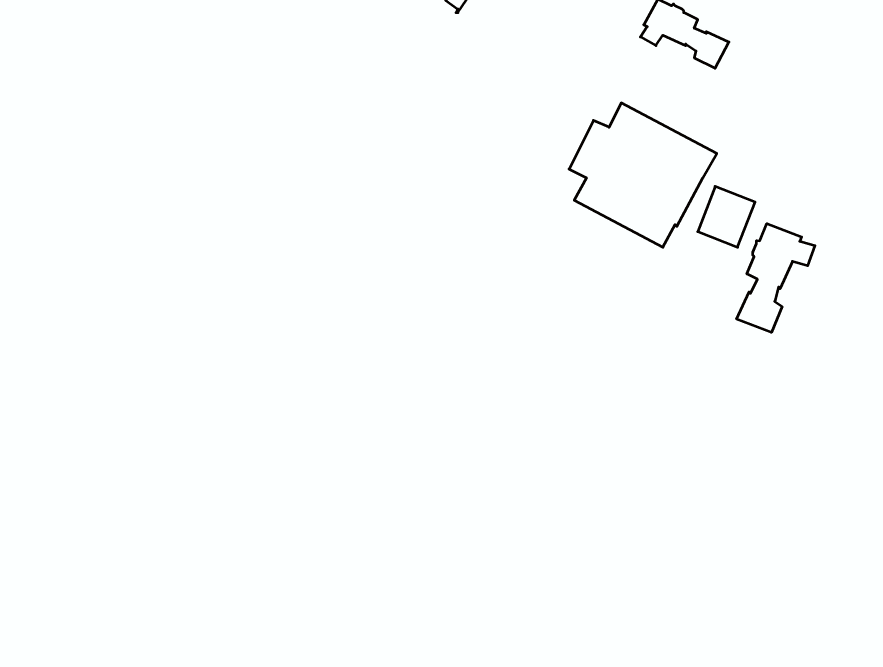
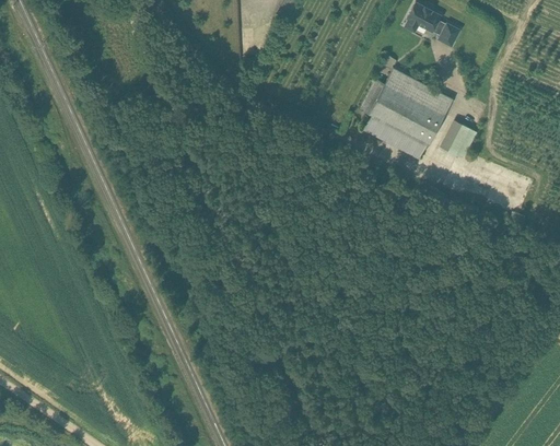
building: [737,224,815,332] -> none

